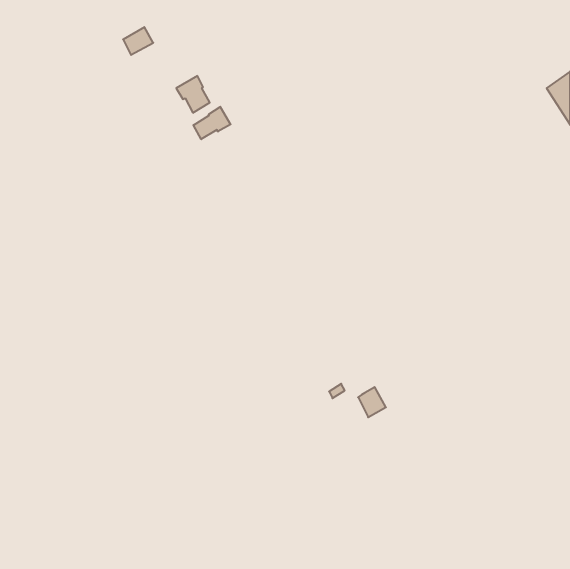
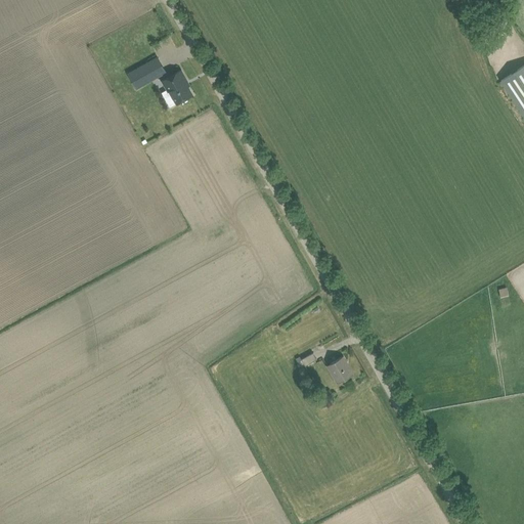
building: [123,27,153,55] -> [129,63,157,89]
building: [193,107,231,139] -> none

